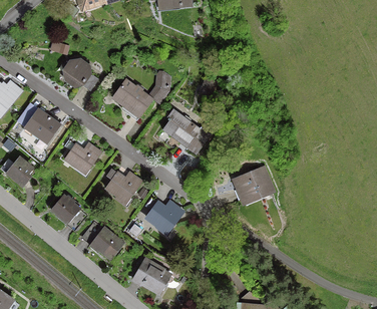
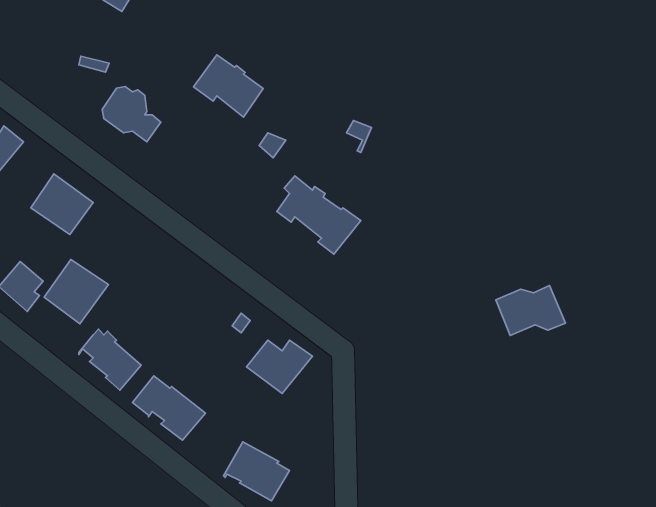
building: [112,80,151,115] -> [194,55,263,117]
building: [64,138,100,175] -> [44,260,108,324]
building: [105,167,141,204] -> none
building: [234,172,273,200] -> [496,286,566,336]

